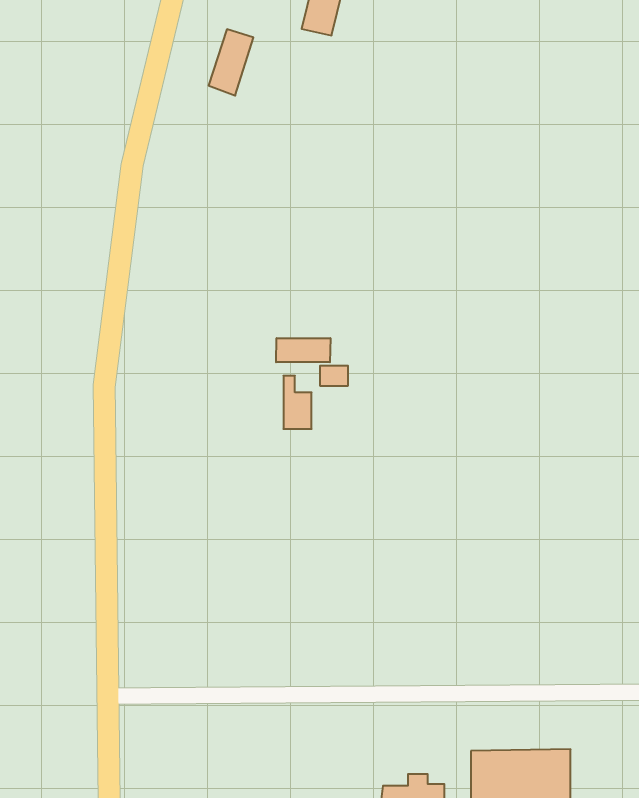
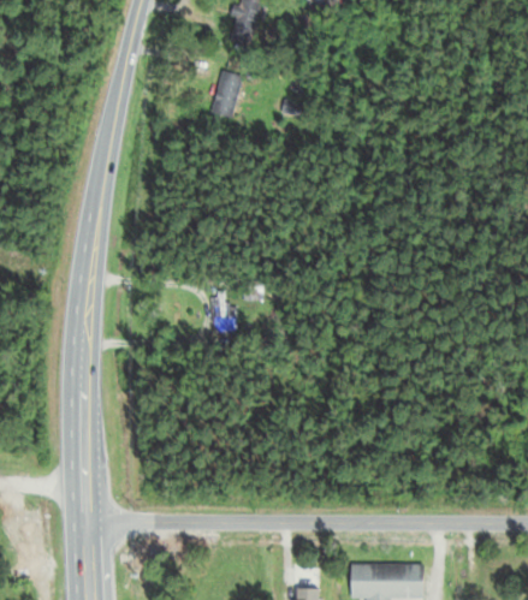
building: [209,29,253,96] -> [210,71,243,119]
building: [276,338,330,362] -> none

